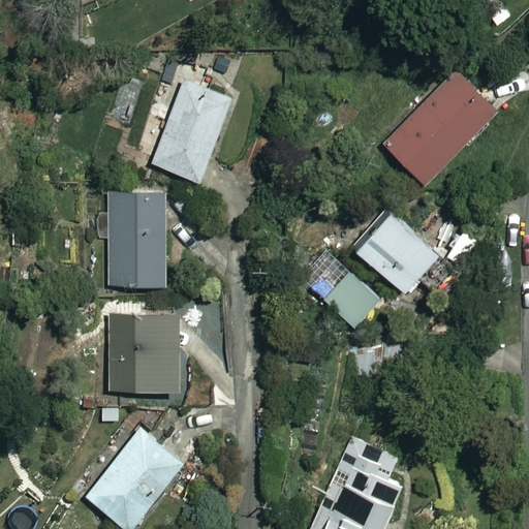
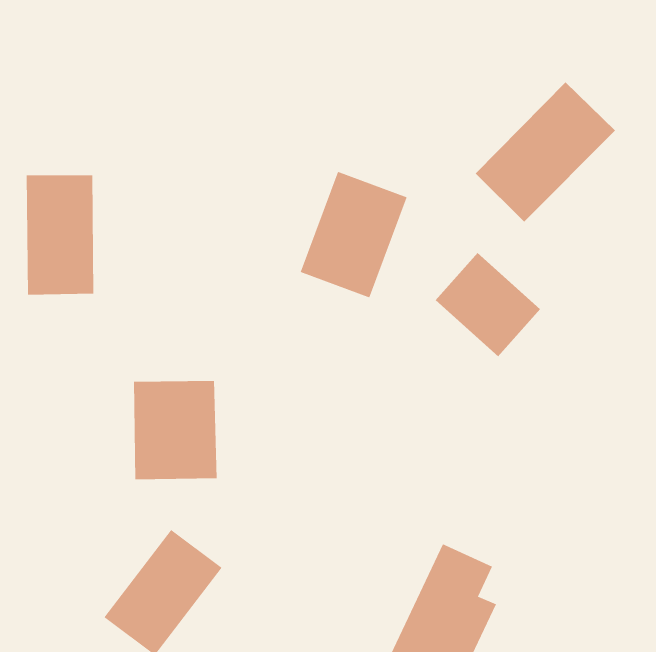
building: [144,80,229,181] -> [300,171,407,298]
building: [112,192,166,288] -> [26,175,94,295]
building: [312,274,380,329] -> none

